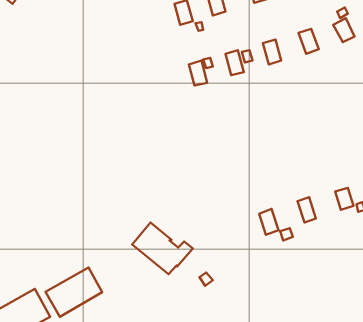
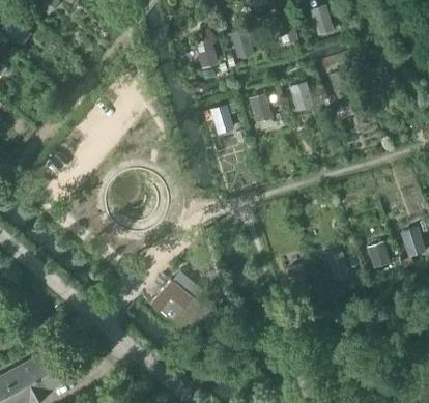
building: [45,267,102,317] -> none

